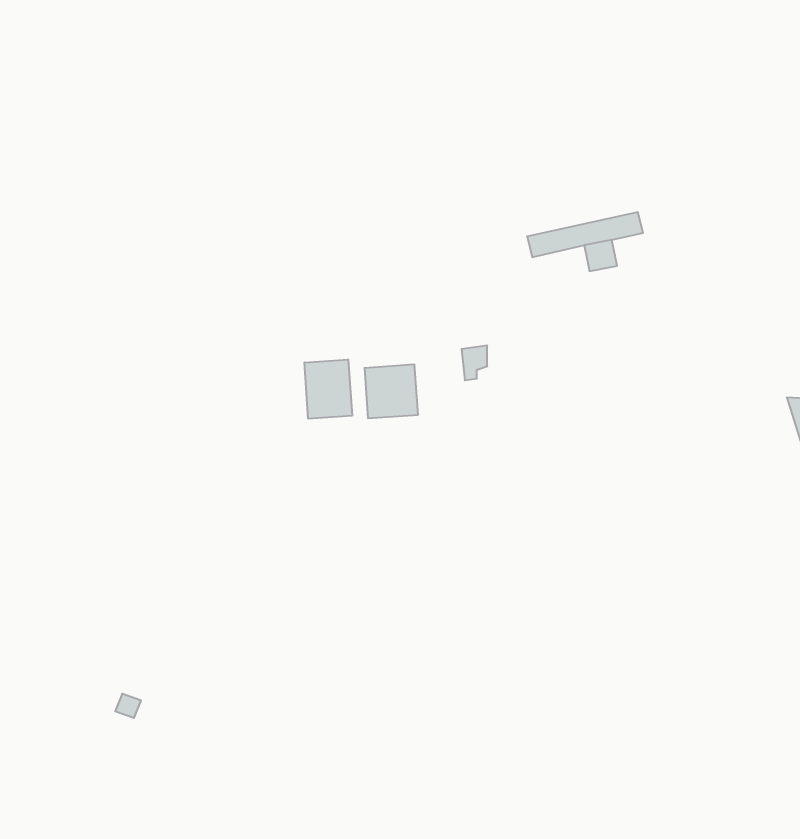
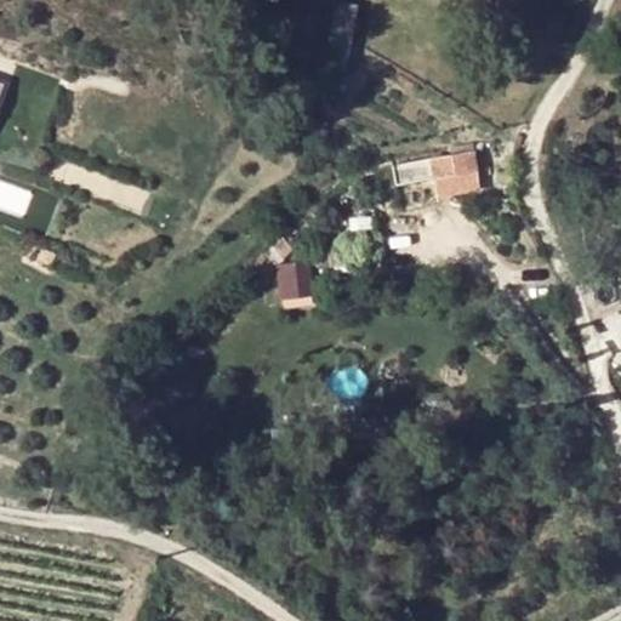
building: [304,359,352,419] -> none

